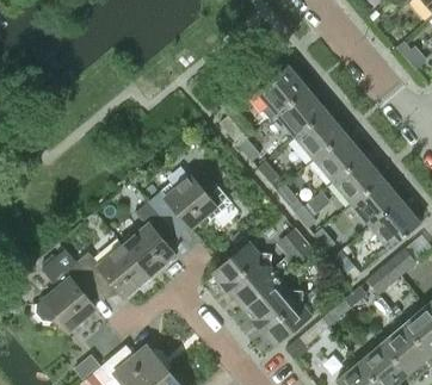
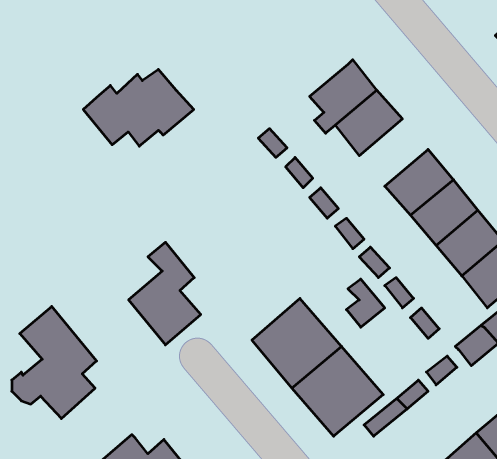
building: [294,110,345,160] -> none
building: [149,172,232,229] -> [83,69,194,146]
building: [64,244,149,299] -> none

